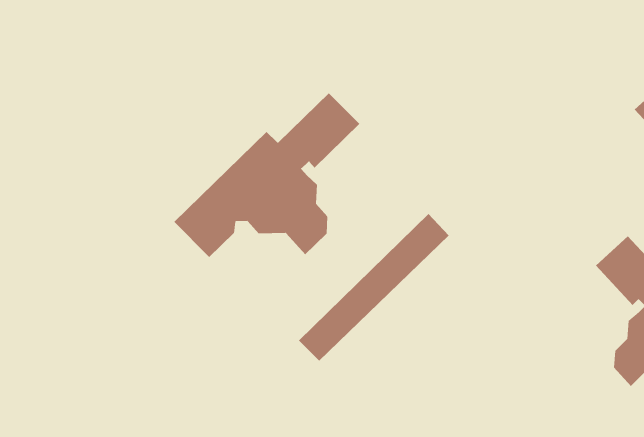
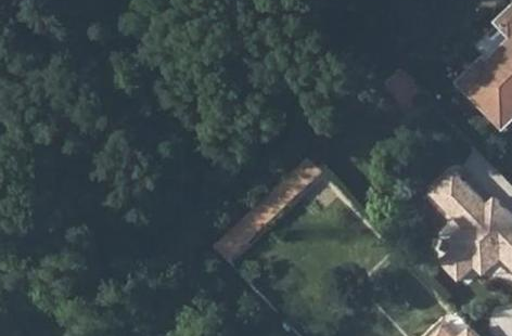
building: [174,93,360,258] -> none

